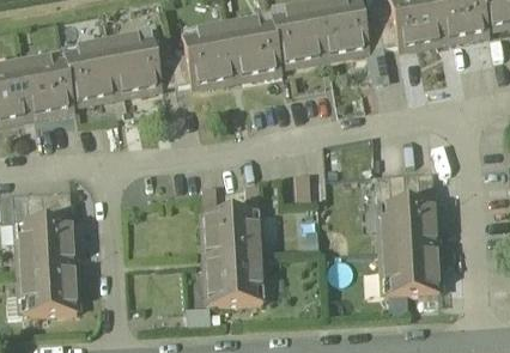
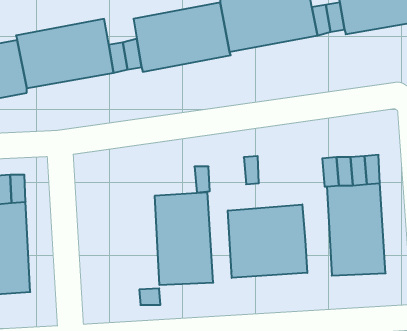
building: none -> [228,204,307,278]

